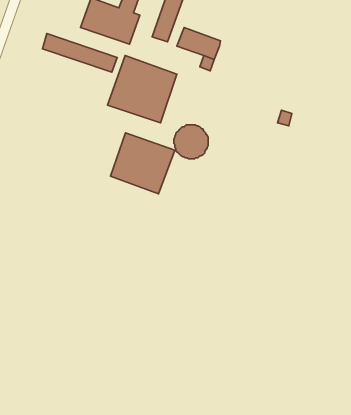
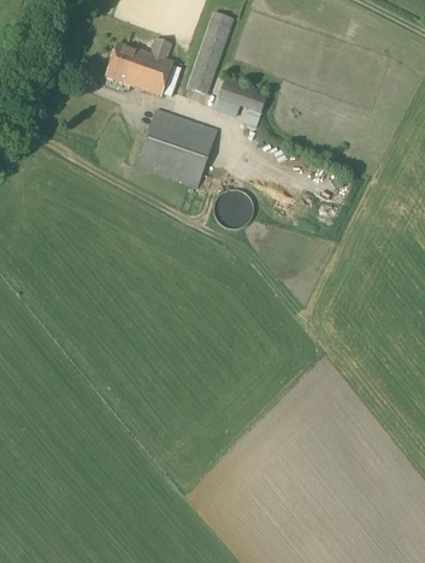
building: [43,34,117,72] -> none
building: [110,133,175,194] -> none

